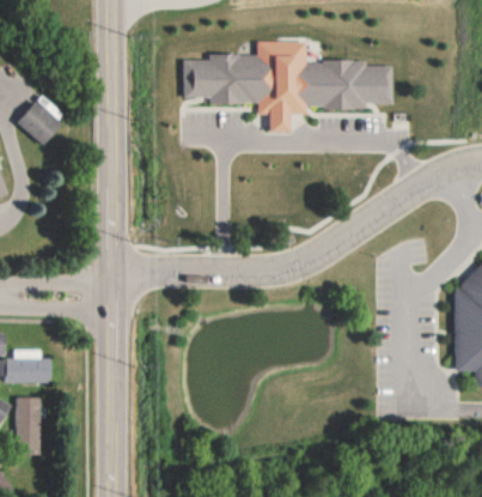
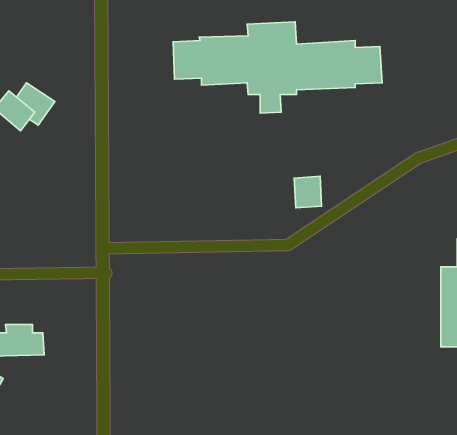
building: none -> [294,176,322,208]
building: [16,396,41,454] -> none

